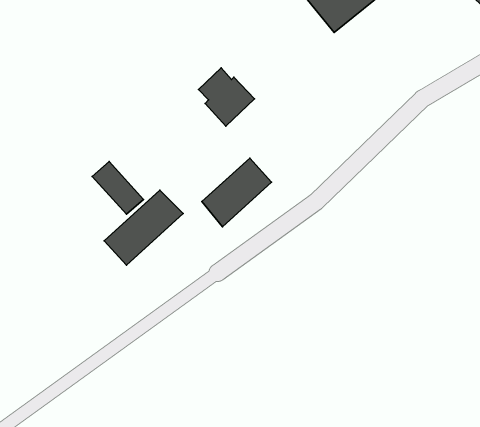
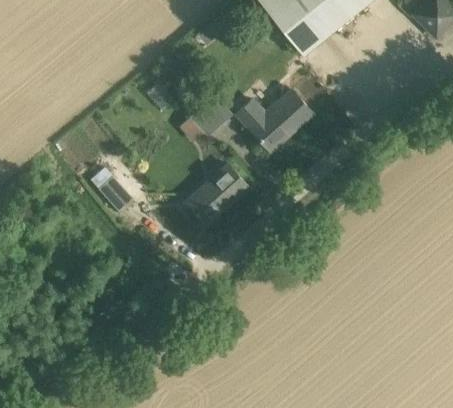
building: none -> [236,92,312,151]
building: [104,190,183,265] -> none

